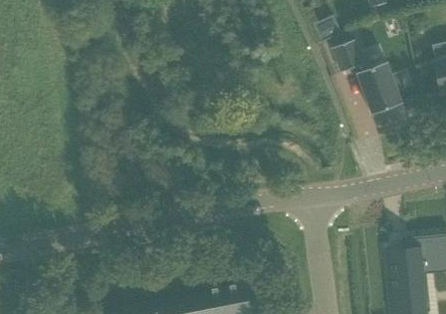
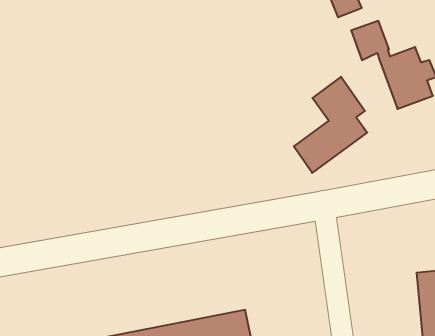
building: none -> [294,77,367,173]

